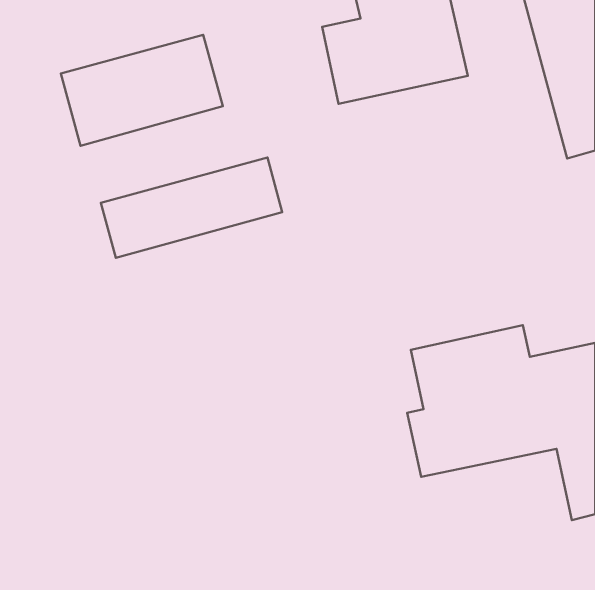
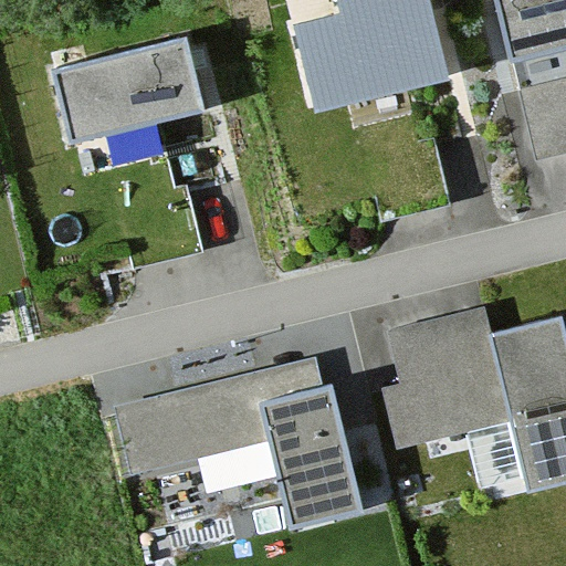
building: [101,158,282,258] -> none
building: none -> [118,361,377,536]

